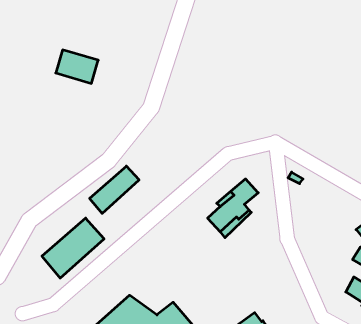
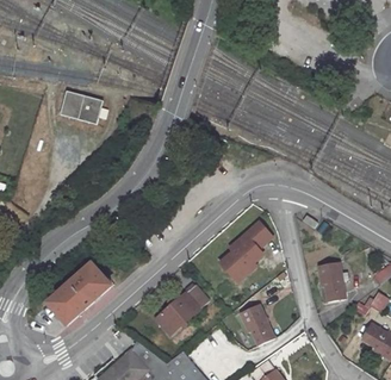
building: [90,166,139,213] -> [156,285,207,334]
building: none -> [317,260,345,300]
building: none -> [240,303,274,344]

